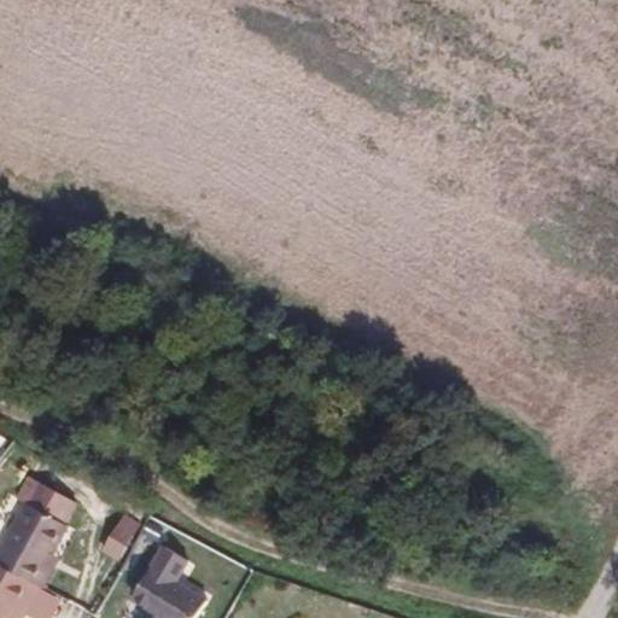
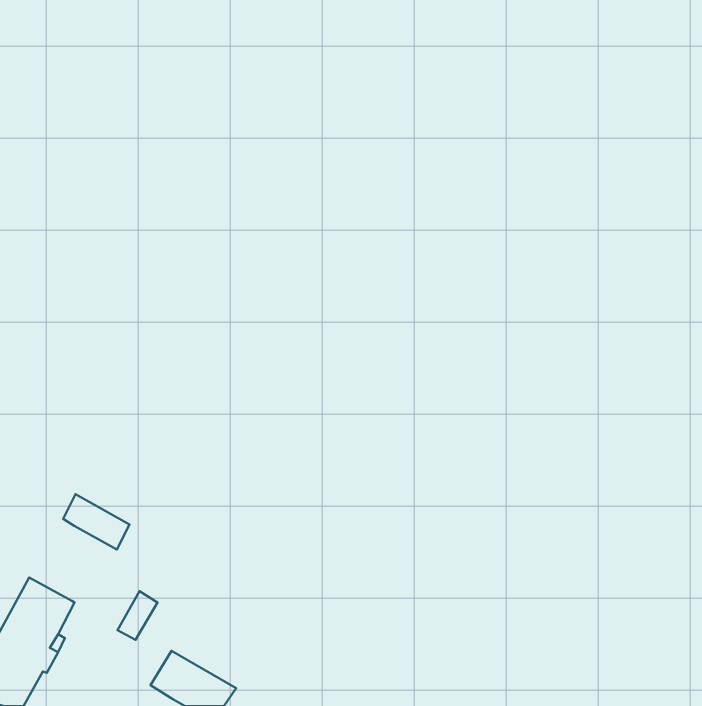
building: [16,477,74,525] -> [63,494,129,549]

